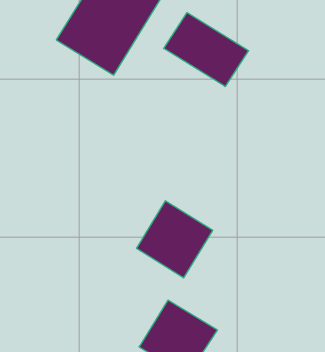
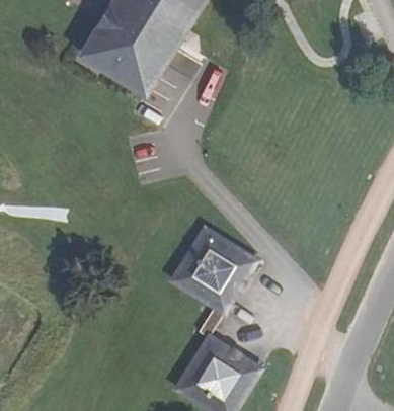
building: [164,13,249,87] -> none

